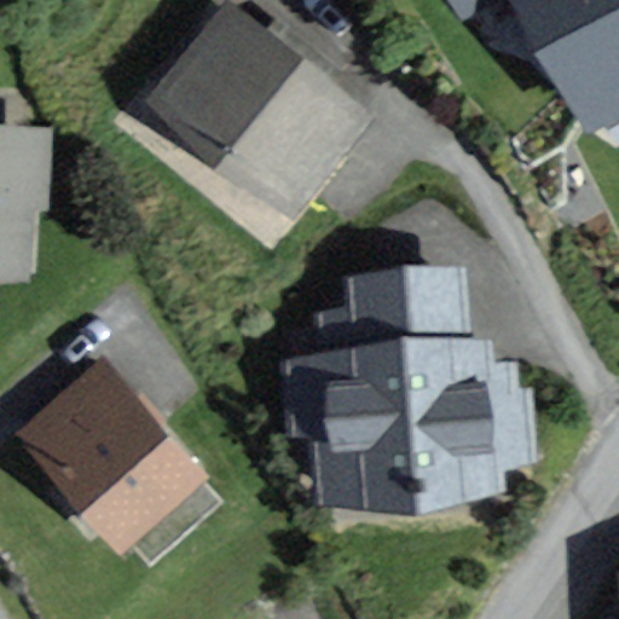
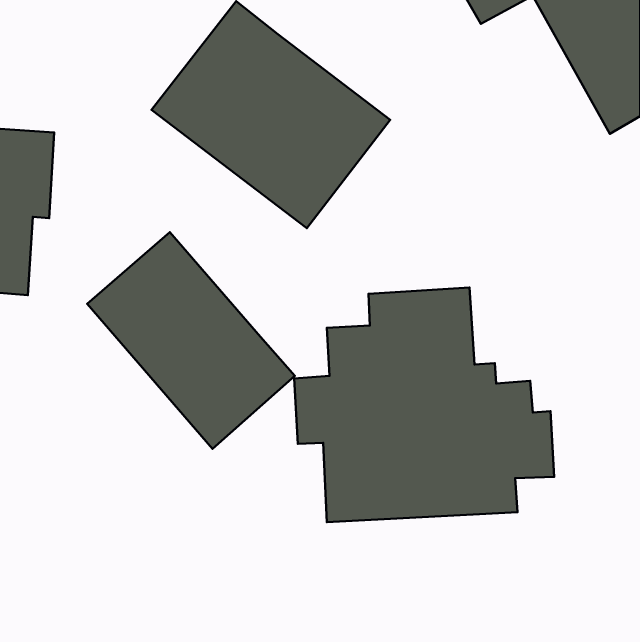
building: none -> [87,232,295,449]
building: [15,359,208,555] -> none

